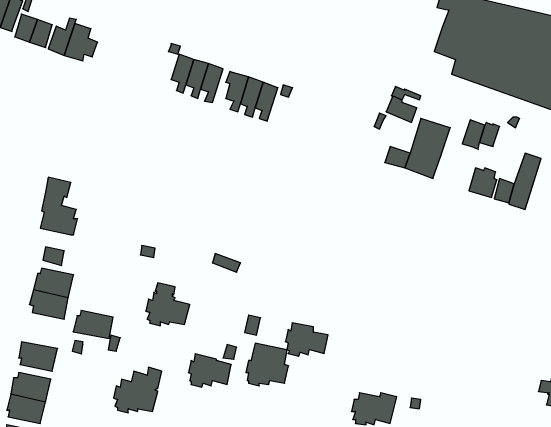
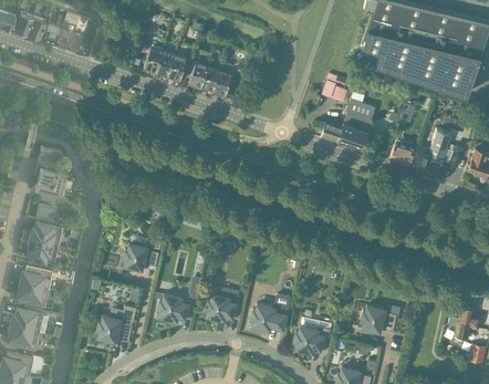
building: [73,310,113,338] -> [19,268,52,291]
building: [285,323,328,356] -> [250,305,285,333]
building: none -> [360,307,395,334]

